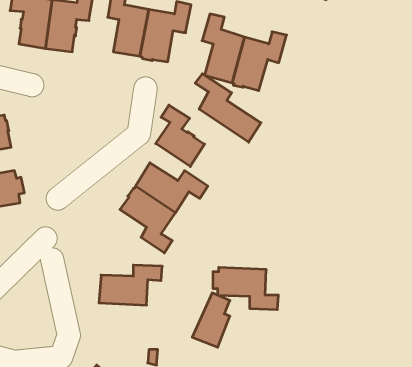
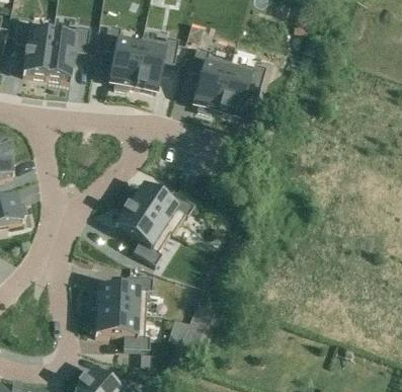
building: [195,74,261,142] -> none
building: [156,105,205,167] -> none
building: [213,267,278,310] -> [89,310,149,348]

